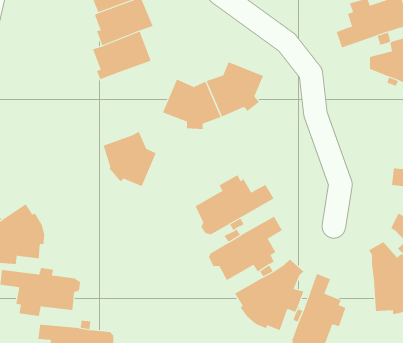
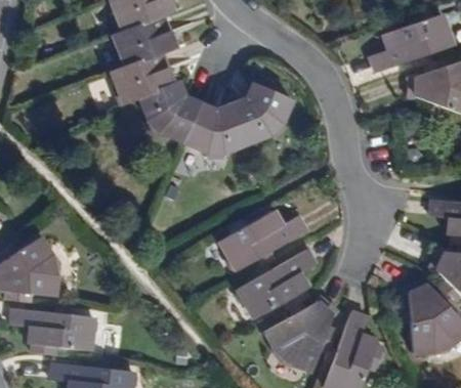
building: [103,131,156,187] -> [143,80,201,139]

